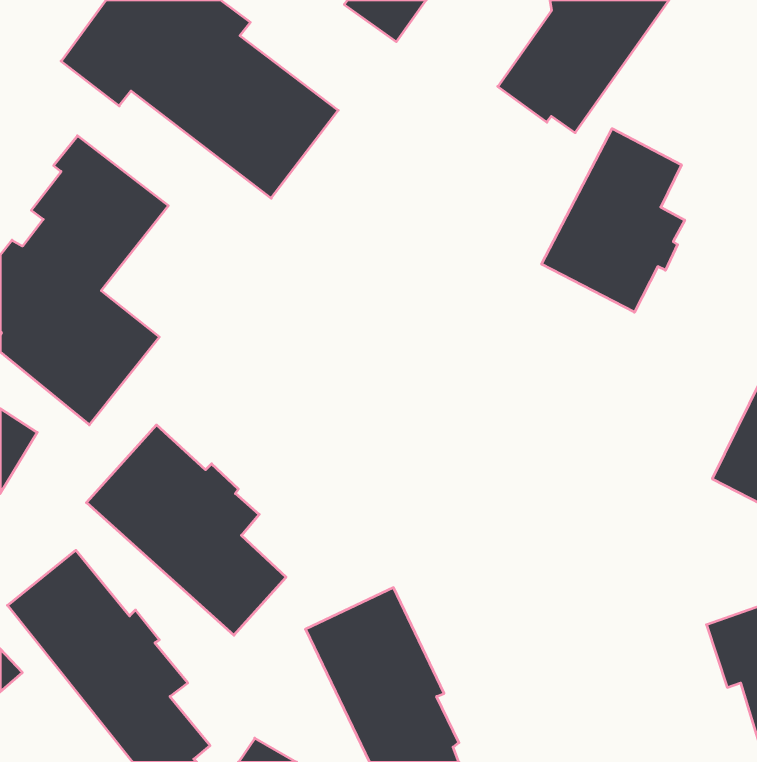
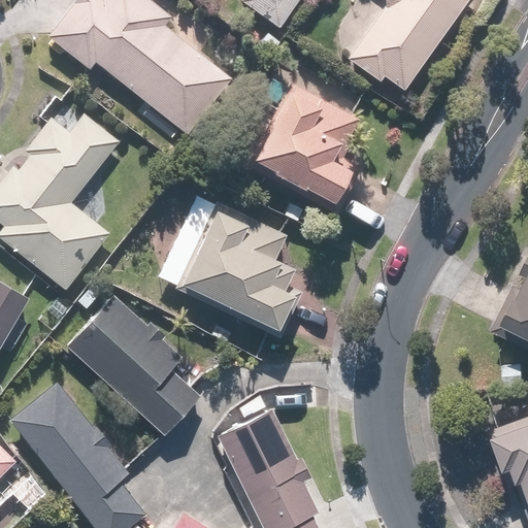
building: none -> [228,72,360,209]
building: [542,129,685,312] -> none
building: none -> [153,193,294,333]

